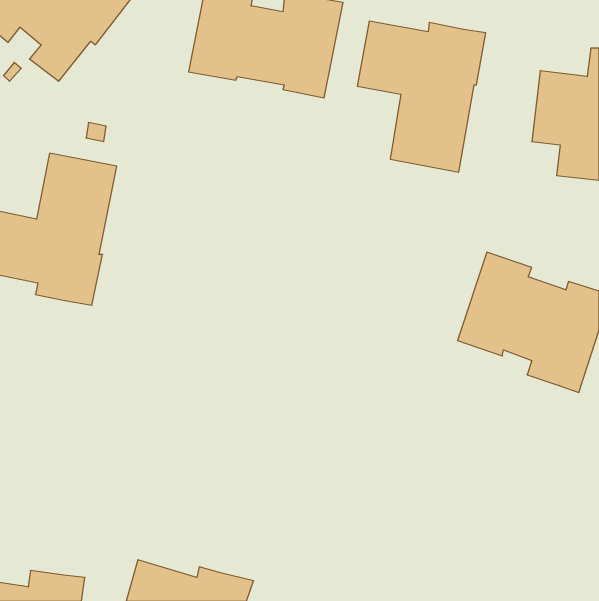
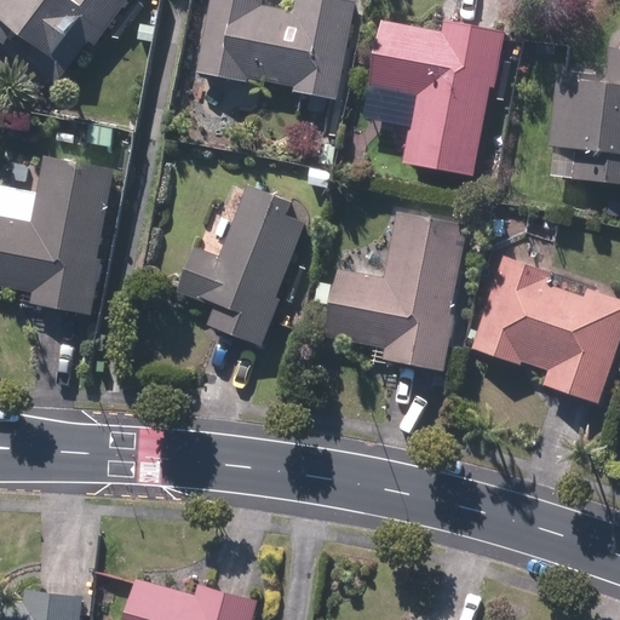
building: none -> [184,186,310,346]
building: none -> [322,213,464,371]

